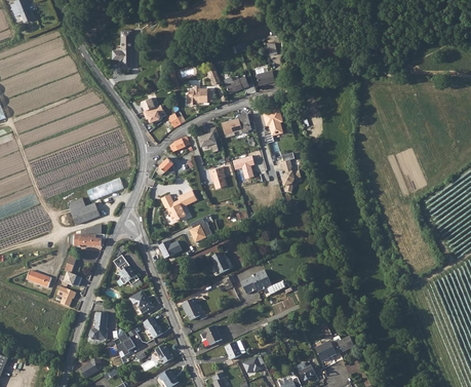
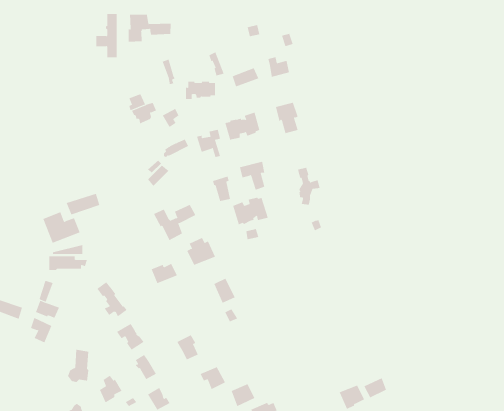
building: none -> [128,14,171,43]
building: none -> [233,197,269,225]
building: [239,269,270,294] -> none

